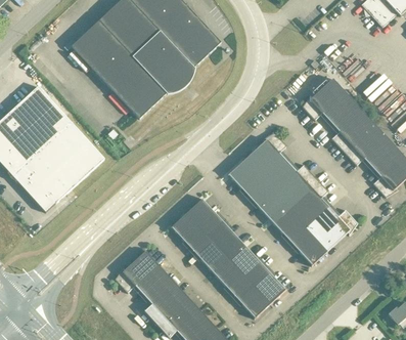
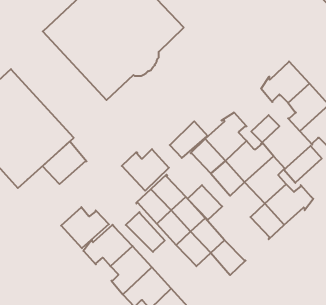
building: none -> [251,115,279,143]
building: none -> [170,121,208,158]
building: none -> [42,141,87,184]
building: none -> [284,146,322,183]
building: none -> [122,149,169,191]
building: [270,206,307,243] -> [187,185,222,220]
building: none -> [61,207,109,248]
building: none -> [126,212,165,252]
building: [234,281,270,318] -> none

